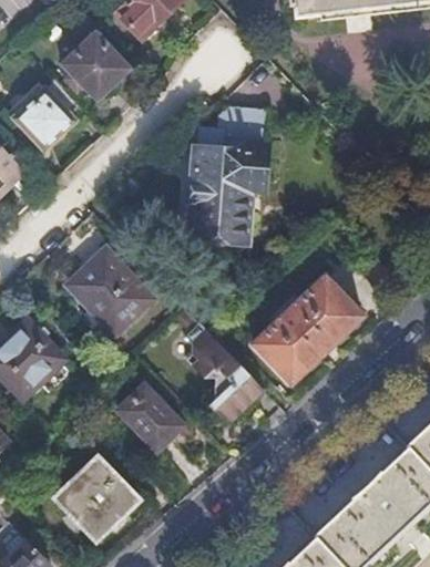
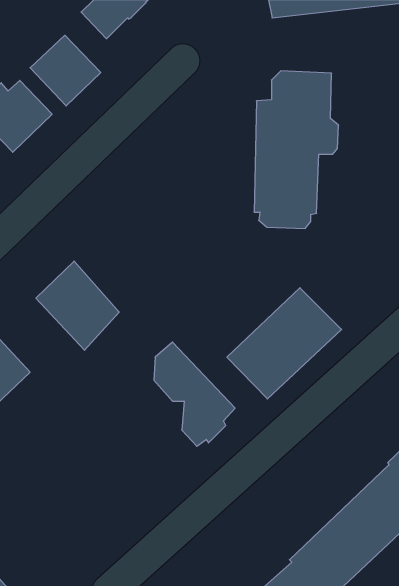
building: [192,107,273,258] -> [254,71,339,228]
building: [119,388,182,451] -> none
building: [52,457,137,543] -> none

